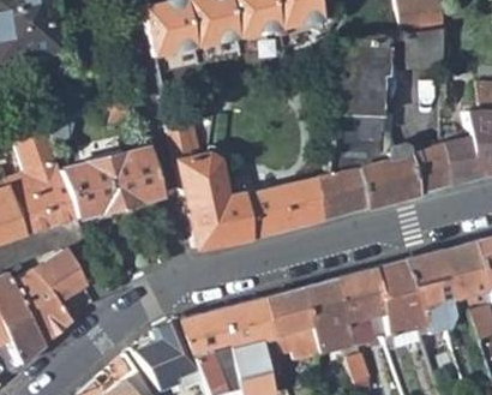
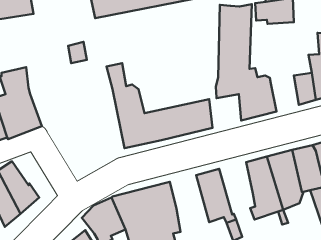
building: [412,140,452,193] -> none
building: [60,146,164,215] -> none
building: [322,168,368,217] -> none
building: [34,249,86,301] -> none
building: [336,268,385,345] -> none
building: [264,287,322,373] -> none

